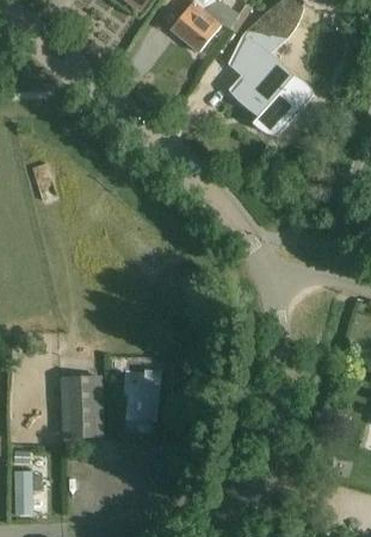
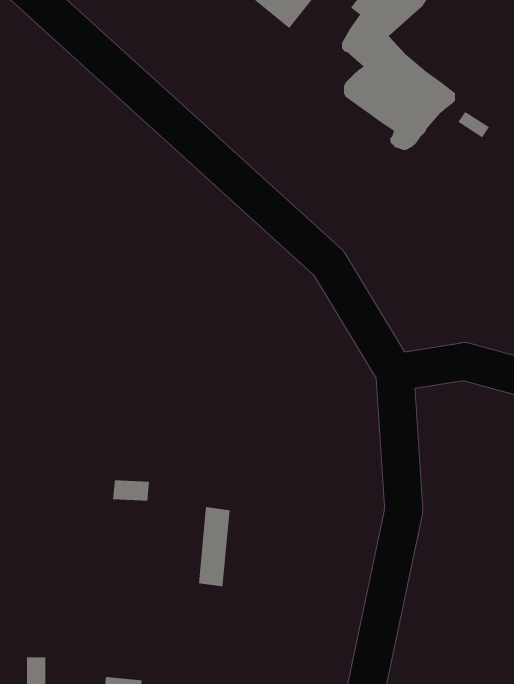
building: [57,375,101,438] -> none

